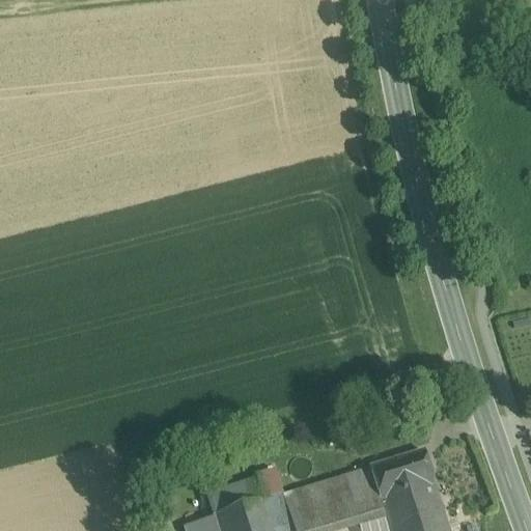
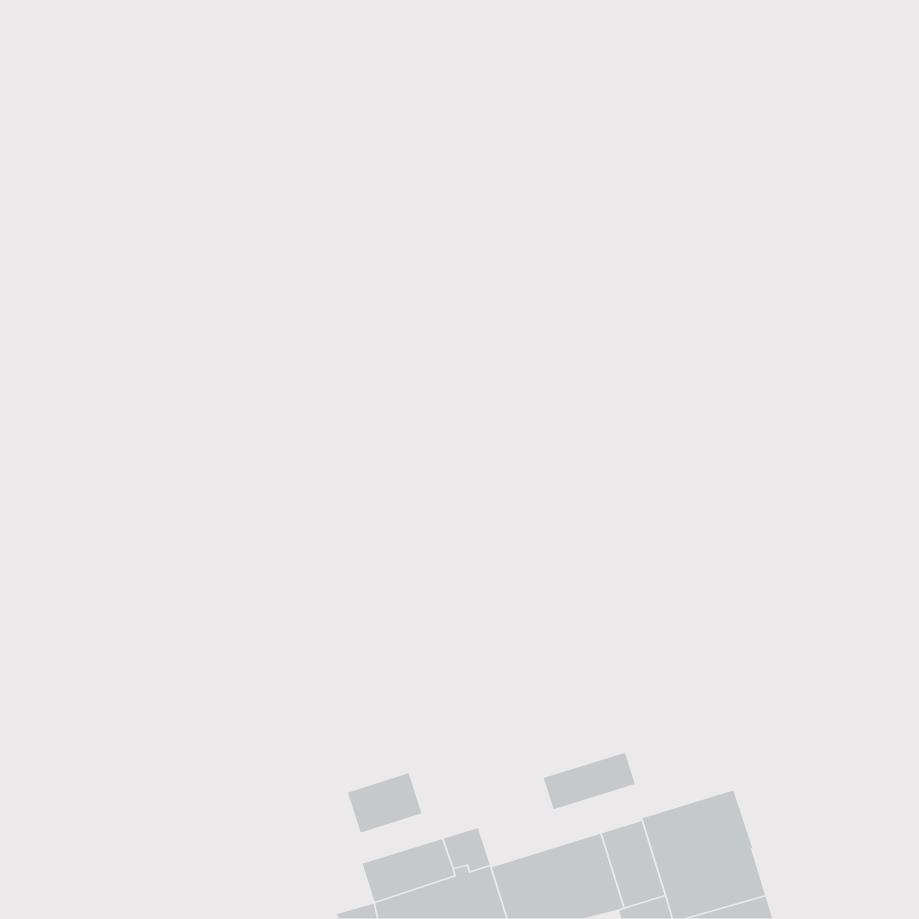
building: none -> [543,752,636,810]
building: none -> [347,772,423,834]

